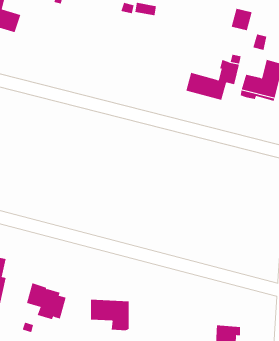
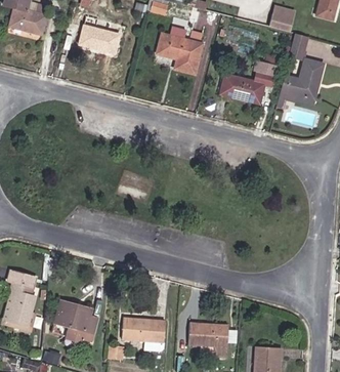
building: none -> [81,28,122,57]
building: none -> [158,28,203,79]
building: none -> [186,319,225,352]

